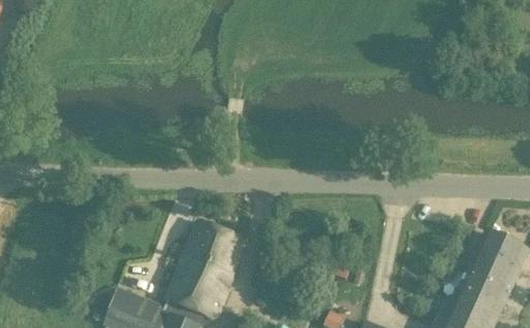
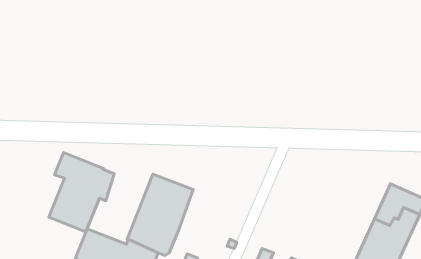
building: none -> [49,153,114,232]

